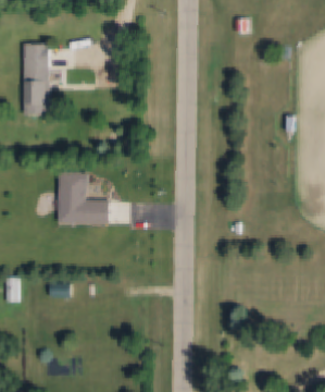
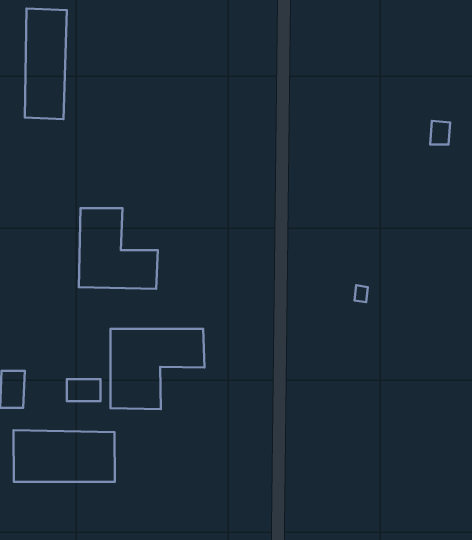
building: none -> [111,329,204,409]
building: none -> [13,430,115,482]

